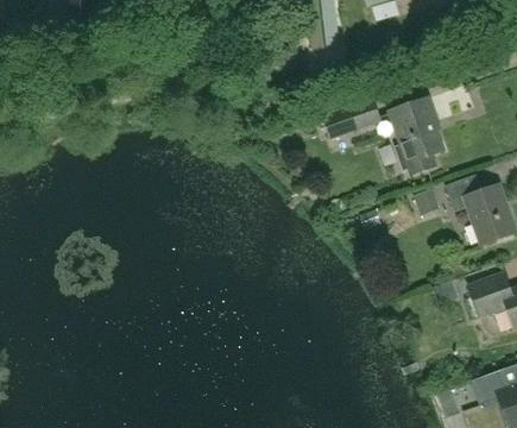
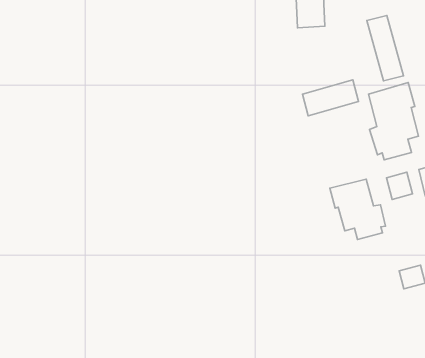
building: none -> [367,15,403,81]
building: none -> [330,179,385,239]

